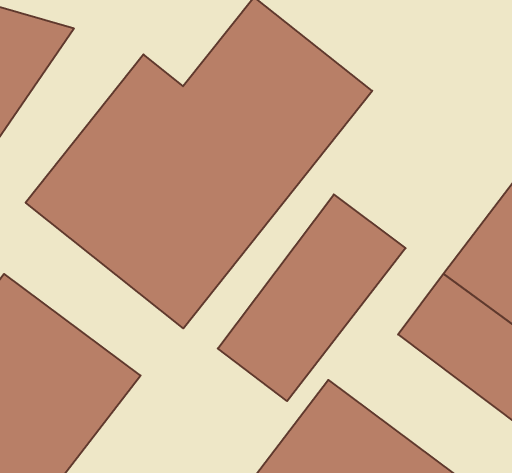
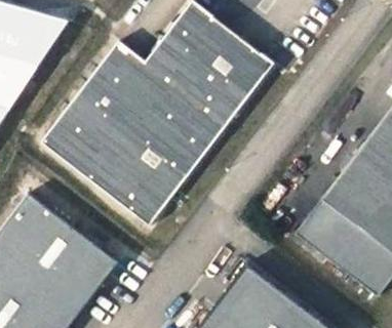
building: [218,194,406,401] -> none

